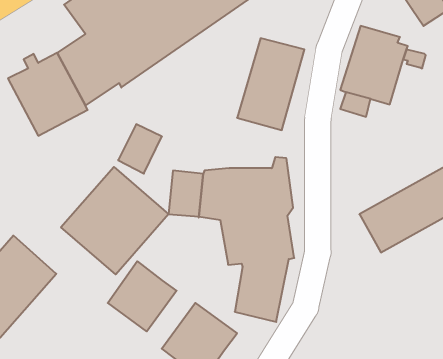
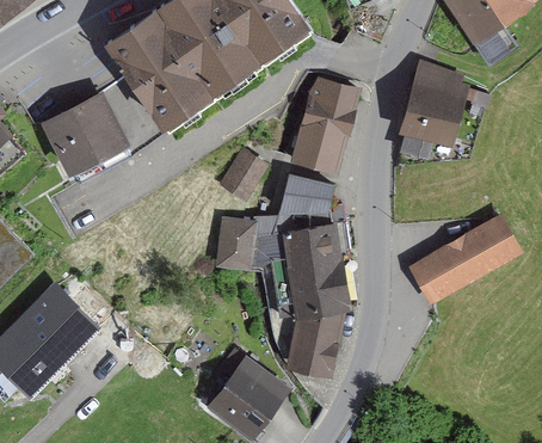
building: [118,124,162,174] -> [217,147,264,199]
building: none -> [278,174,332,216]
building: [61,167,168,274] -> none
building: [108,261,177,331] -> none

